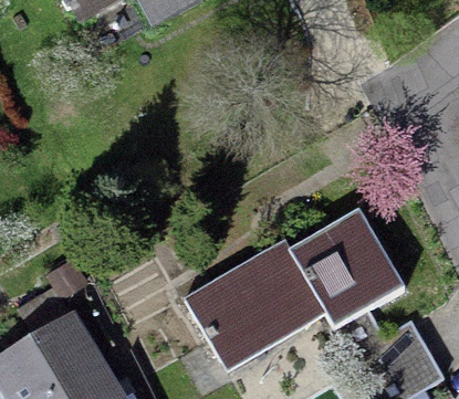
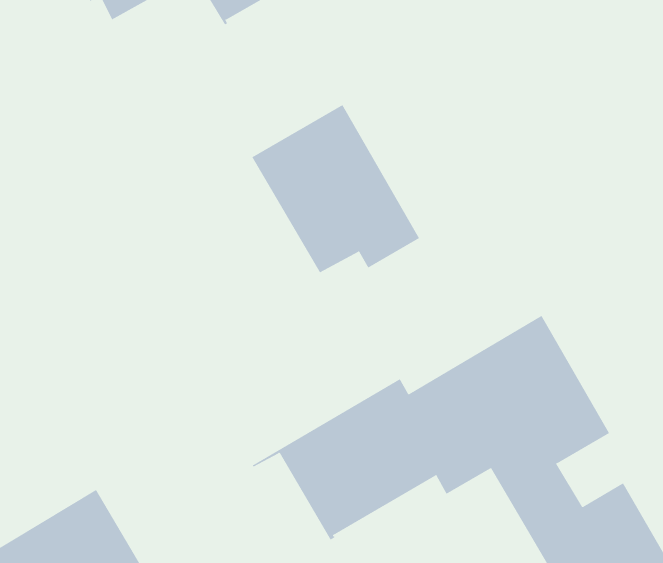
building: none -> [252,104,420,273]

